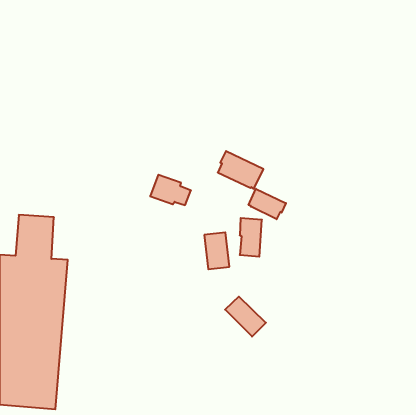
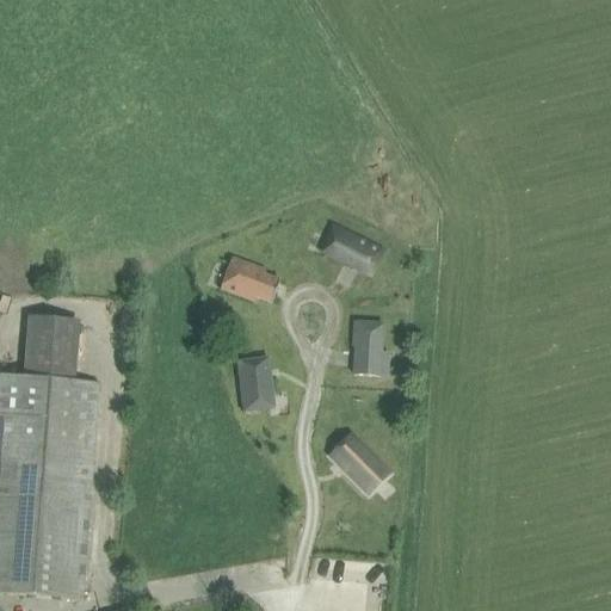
building: [249,189,286,219] -> none
building: [204,232,229,269] -> [236,356,273,409]

